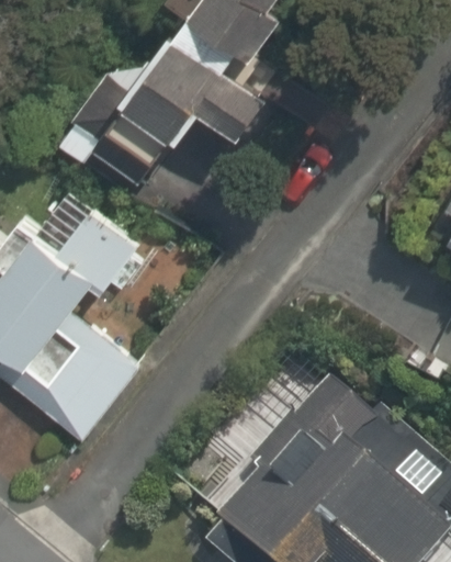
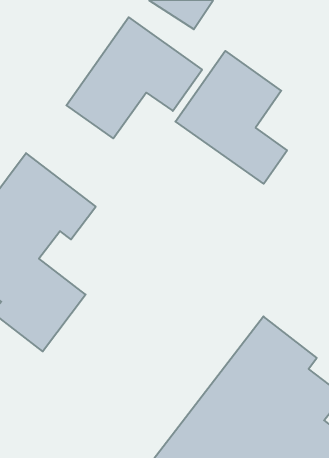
building: none -> [175,51,287,184]

